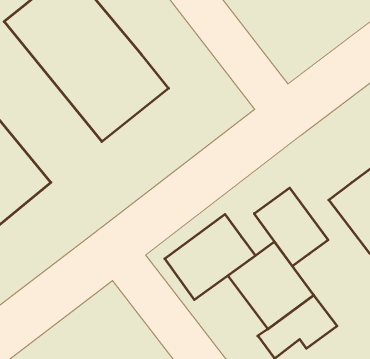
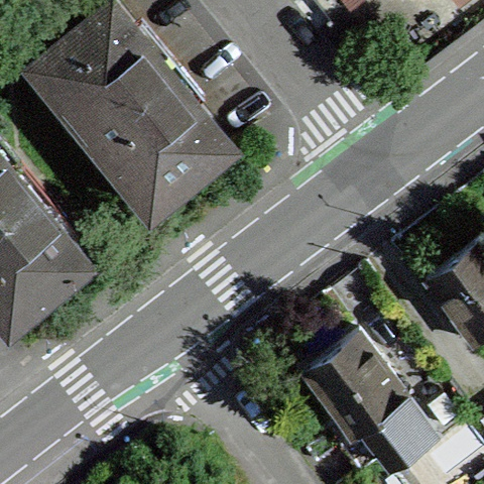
building: [254,188,328,266] -> none
building: [165,214,255,300] -> none

